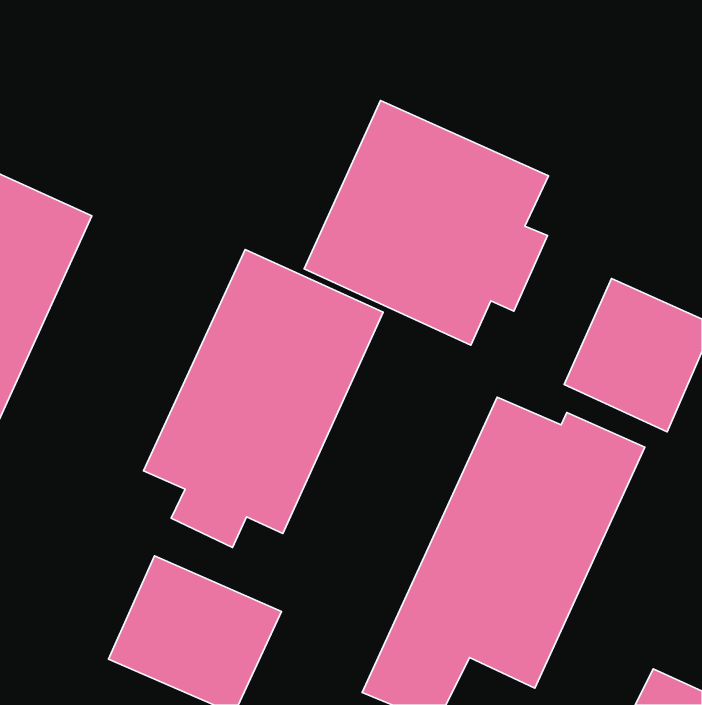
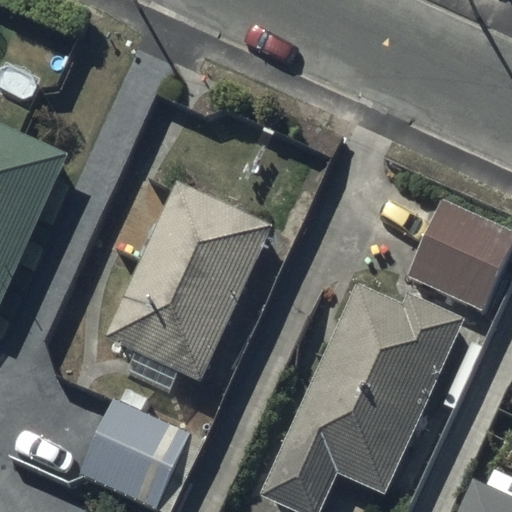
building: [304,101,548,345] -> none

